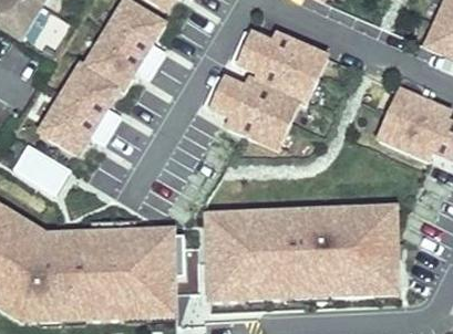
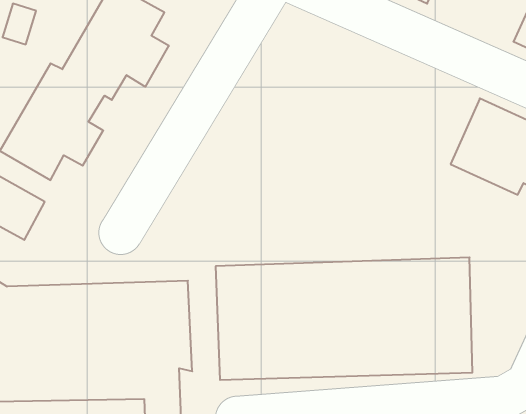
building: [203,27,326,146] -> none

